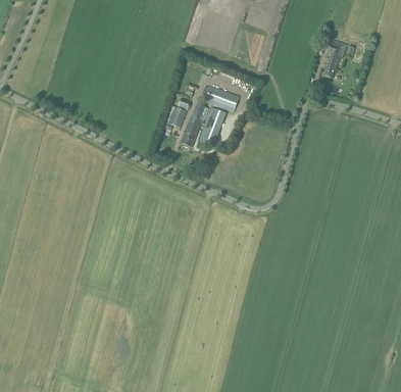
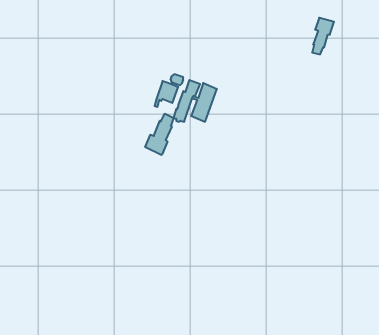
building: [202,85,240,110] -> none
building: none -> [145,114,173,155]

